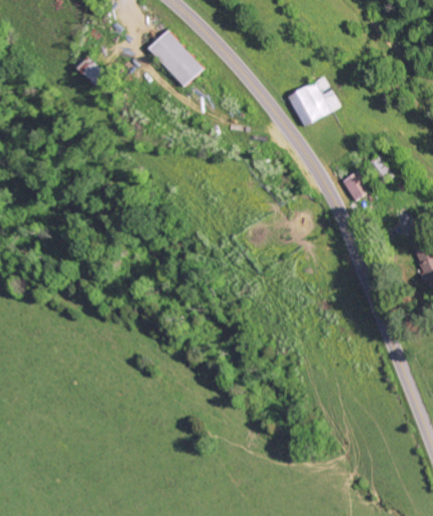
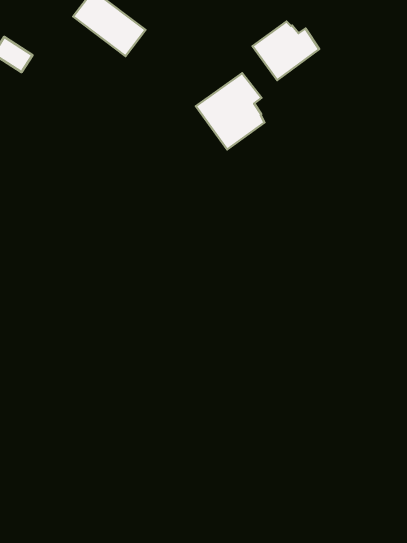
building: none -> [196,73,264,150]
building: [339,170,369,201] -> none

